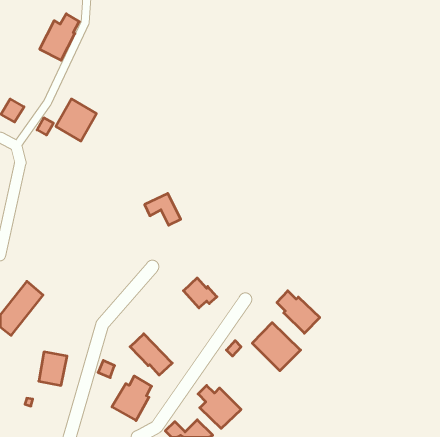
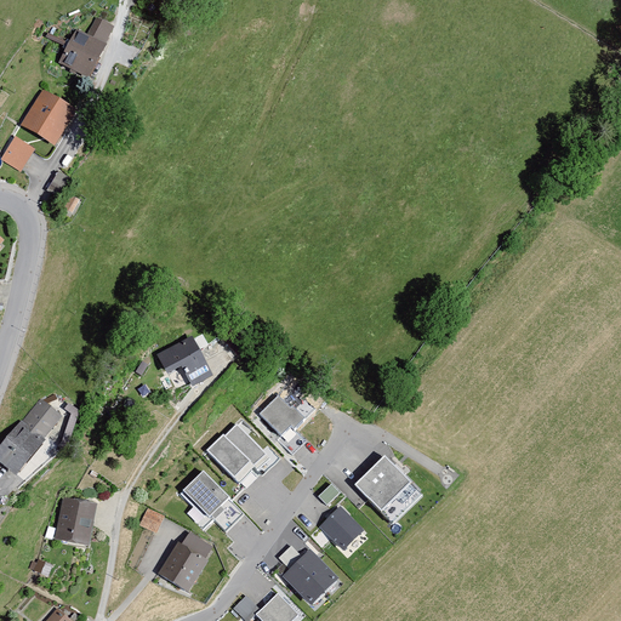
building: [56,99,96,141] -> [19,91,76,150]
building: [145,193,181,225] -> [159,337,210,382]
building: [277,291,320,333] -> none
building: none -> [206,425,266,478]
building: none -> [319,503,364,549]

